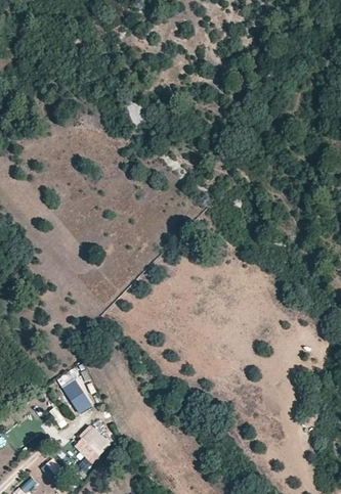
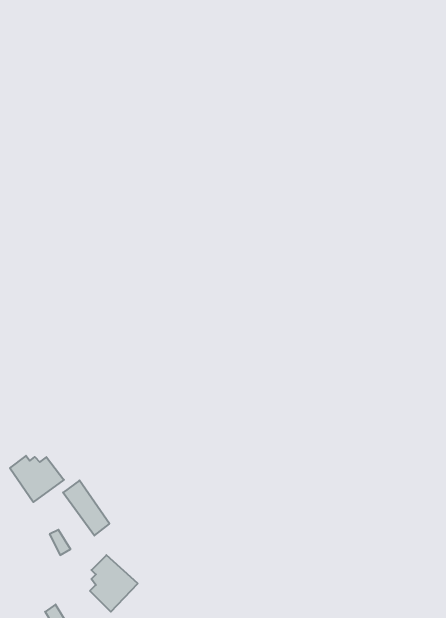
building: none -> [10,456,64,502]

